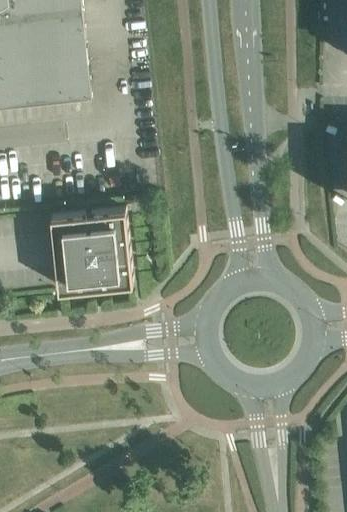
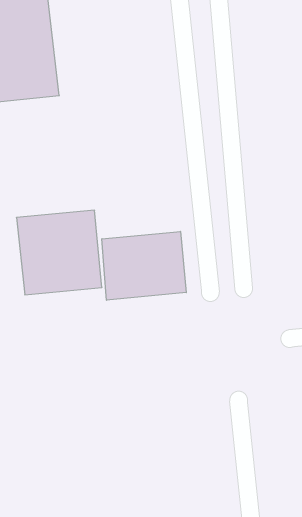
building: none -> [102,231,186,300]

